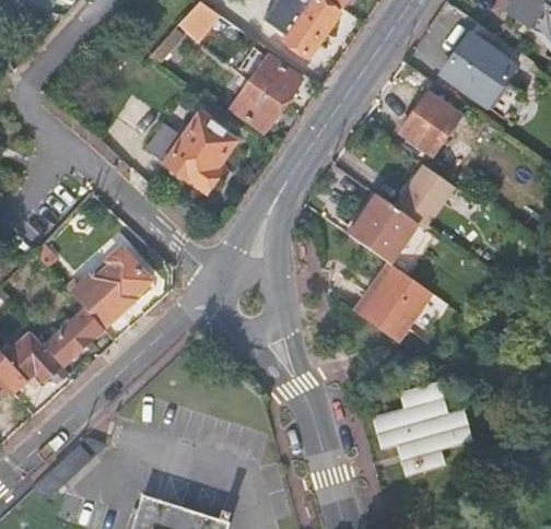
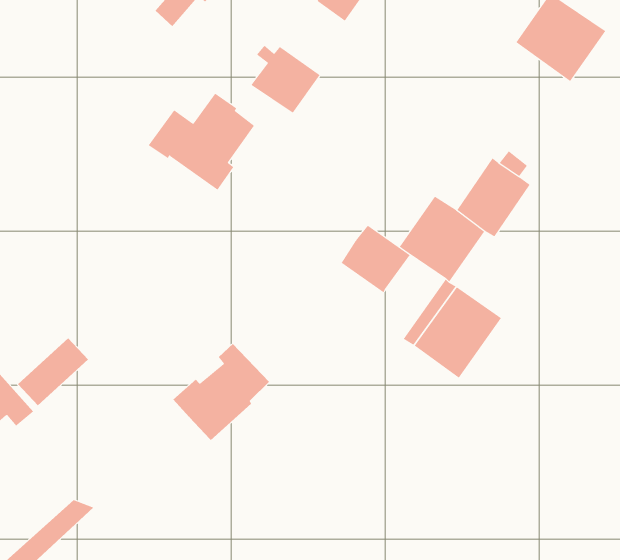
building: [242,52,301,99] -> none
building: [399,93,459,154] -> none
building: none -> [341,225,411,293]
building: [72,249,150,327] -> [172,343,270,441]
building: [380,387,473,480] -> none

